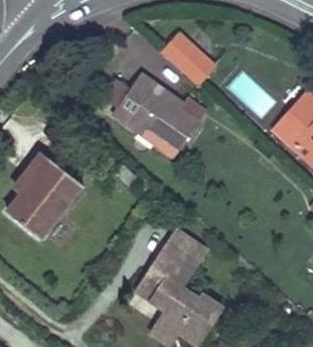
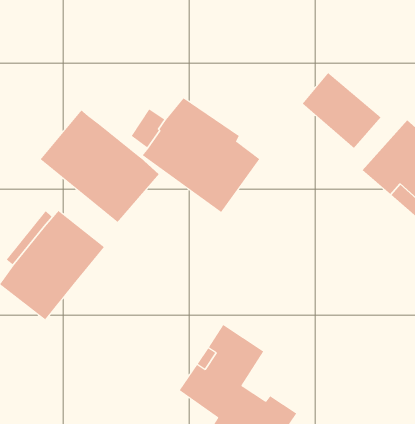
building: [159,29,217,86] -> [302,72,382,149]
building: none -> [40,110,159,223]

